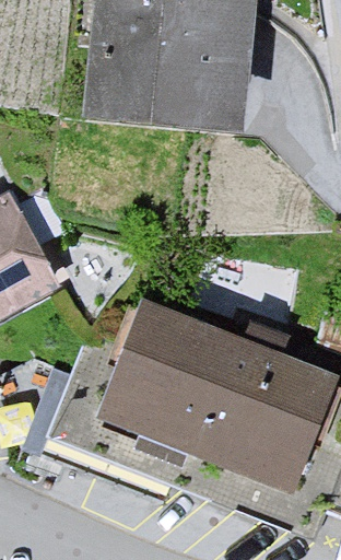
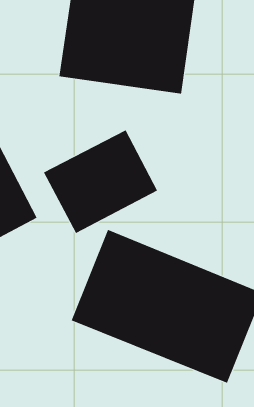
building: none -> [43,129,158,234]

